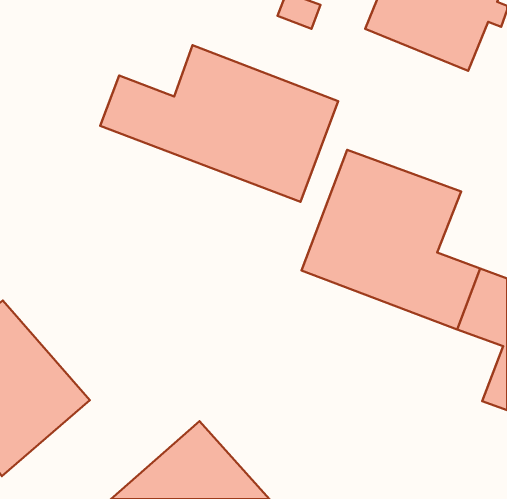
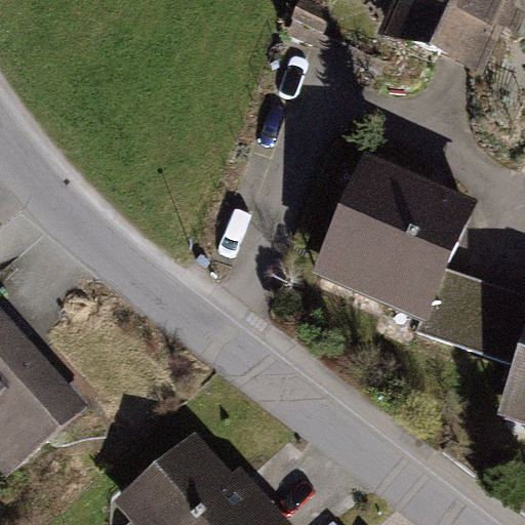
building: [100,45,338,202] -> none

